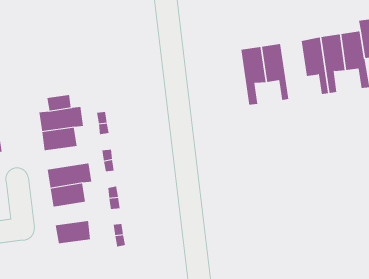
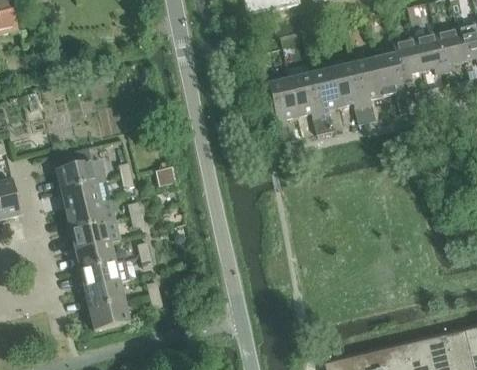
building: none -> [310,67,340,131]
building: none -> [65,198,115,229]
building: none -> [80,260,120,288]
building: none -> [89,300,129,329]

